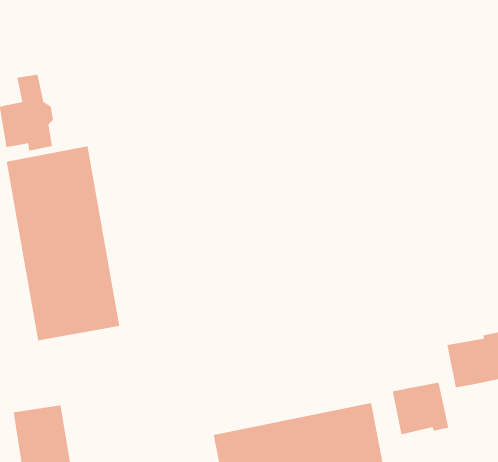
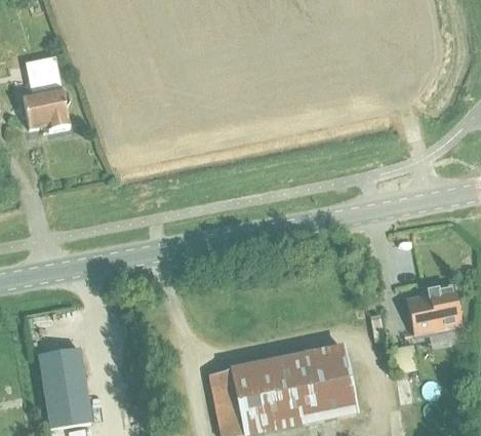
building: [6,145,120,341] -> none
building: [392,382,449,435] -> none

